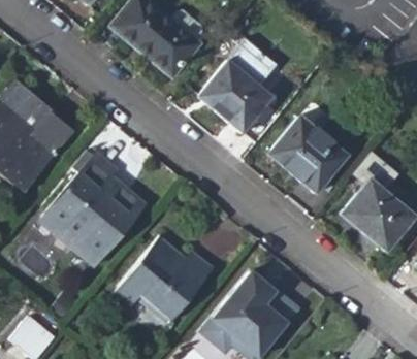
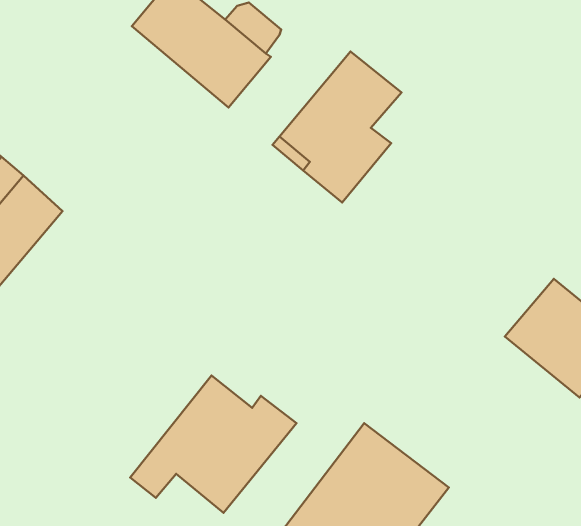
building: [268,115,347,192] -> none
building: [43,156,145,267] -> none

